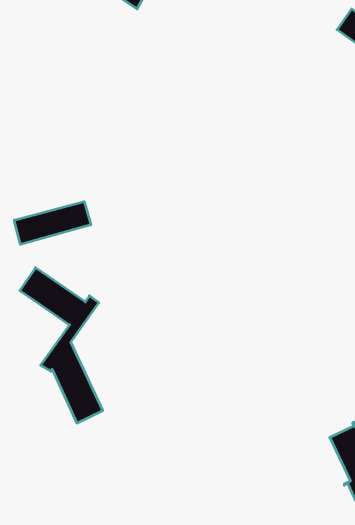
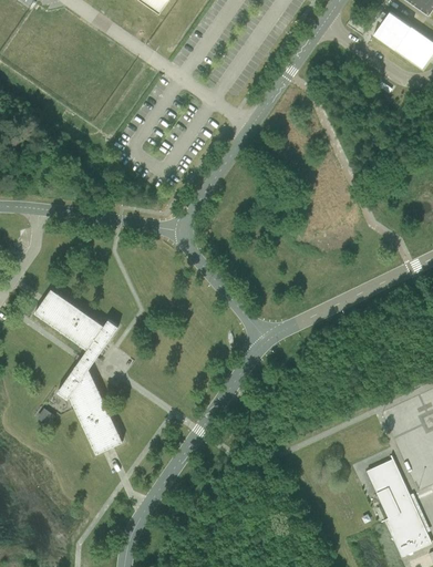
building: [14,202,91,244] -> none

